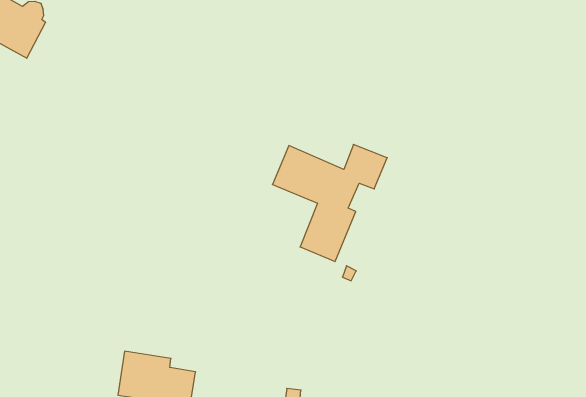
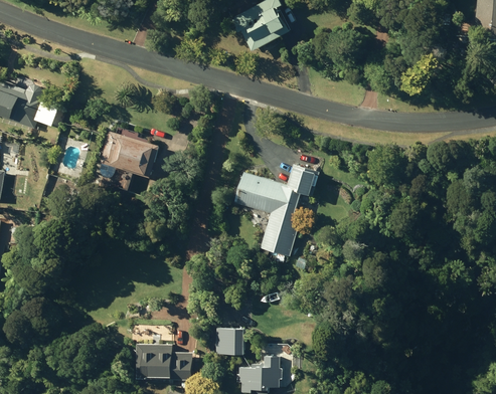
building: none -> [101,132,157,176]
building: none -> [217,329,241,353]

